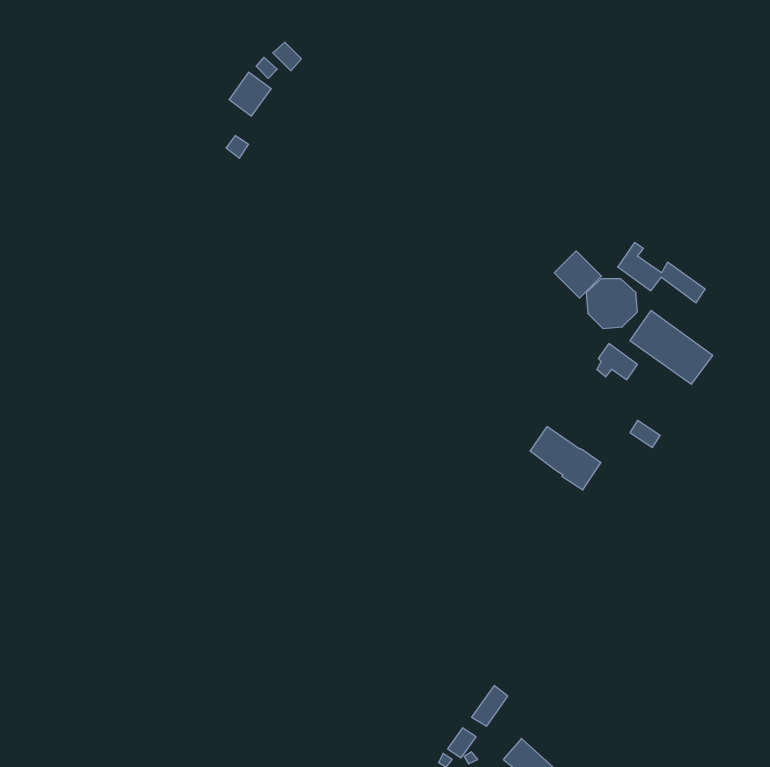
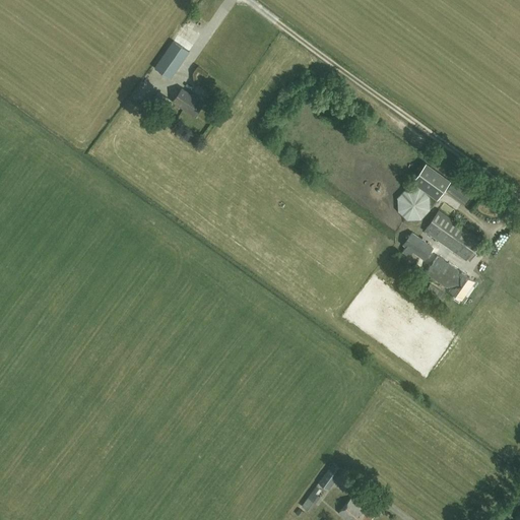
building: none -> [173,90,203,117]
building: [554,251,602,298] -> none
building: [530,427,601,490] -> [427,258,474,301]

